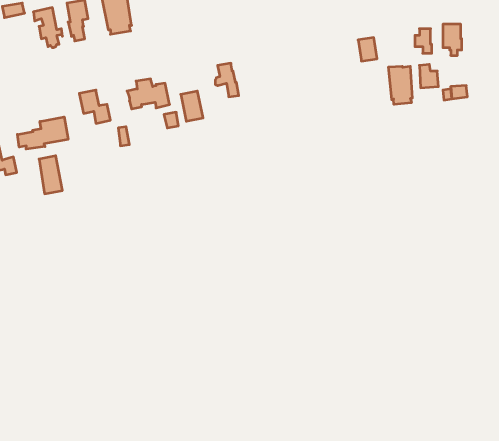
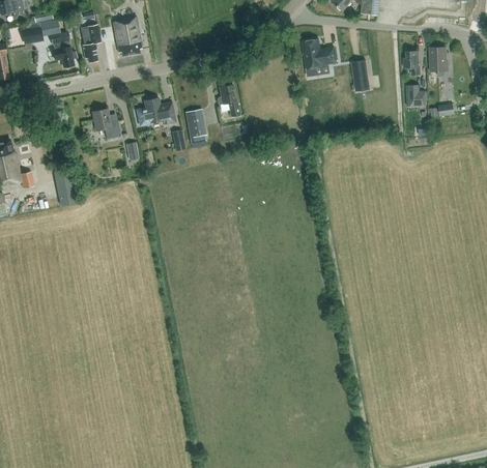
building: none -> [302,38,336,67]
building: [389,66,412,104] -> none
building: [17,117,68,149] -> none

